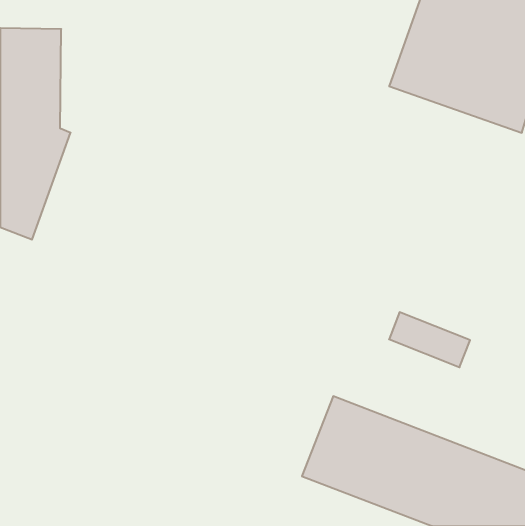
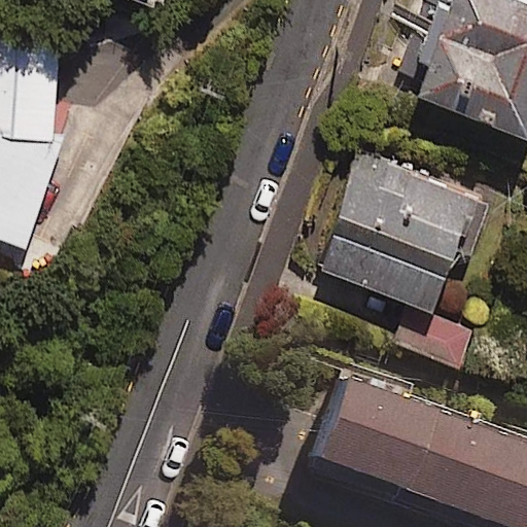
building: none -> [314,148,472,308]

